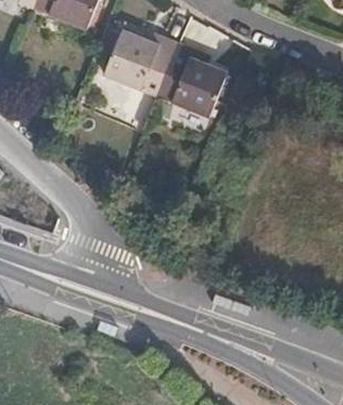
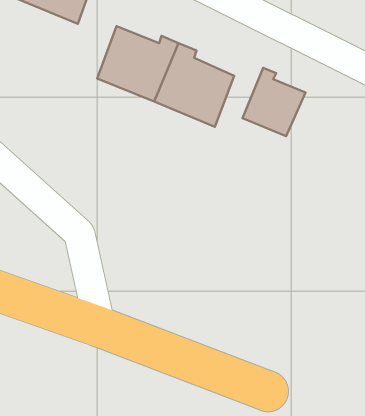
building: none -> [243,68,306,136]

